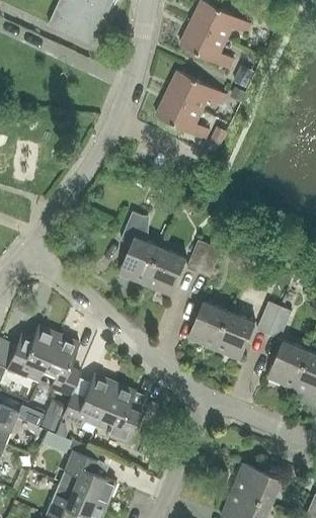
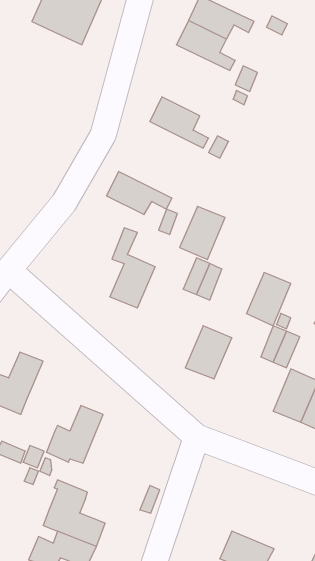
building: [167,70,227,109] -> [106,171,172,215]
building: [145,247,186,295] -> [180,206,225,260]
building: [215,312,255,360] -> [246,272,291,326]
building: [44,333,80,396] -> none
building: [95,381,137,443] -> none
building: [231,462,280,504] -> none

